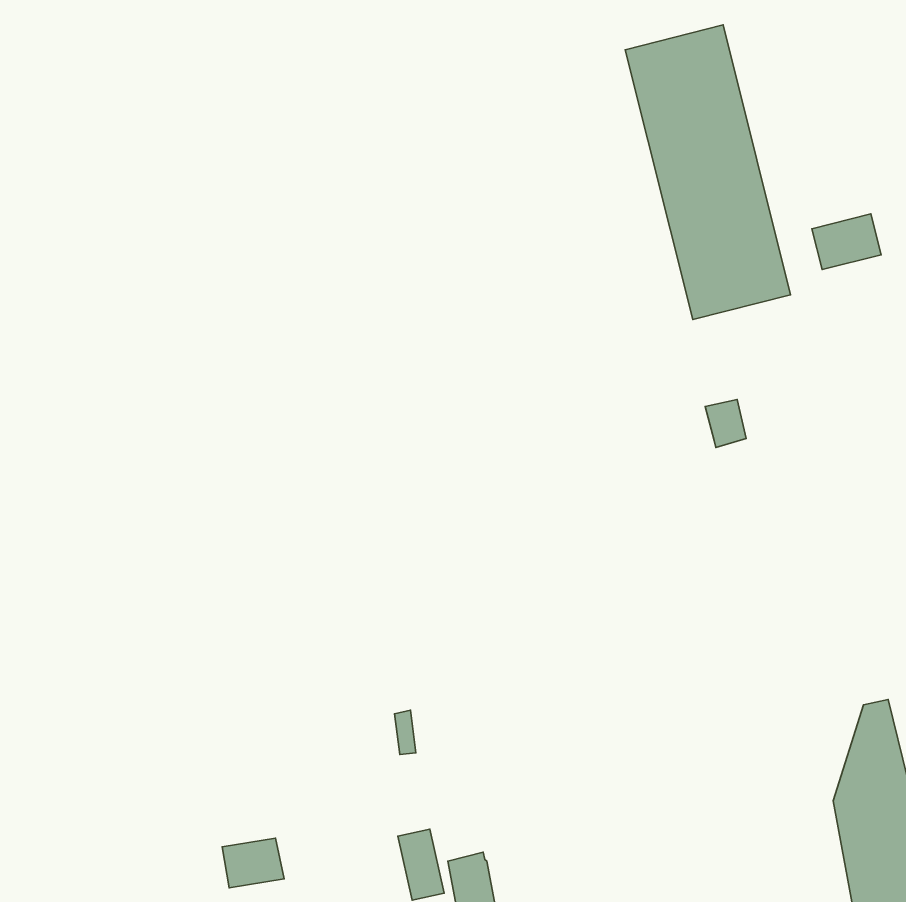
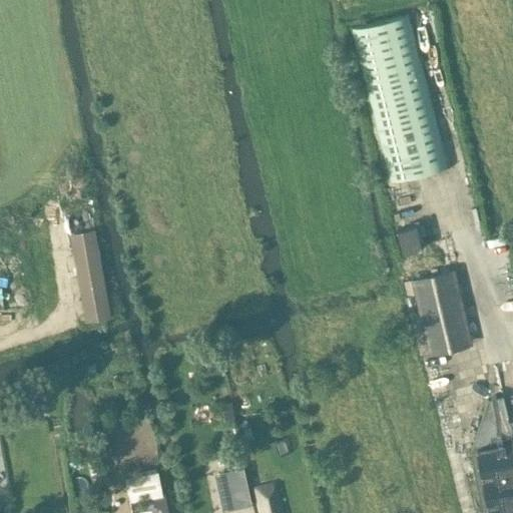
building: [812,214,881,270] -> none
building: none -> [70,232,112,325]
building: none -> [412,275,473,358]

